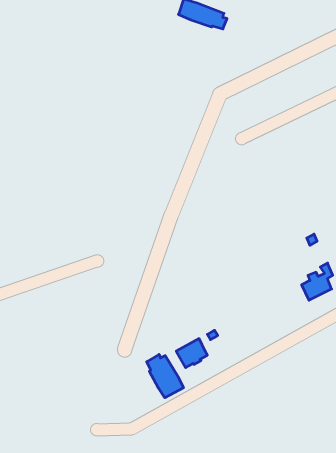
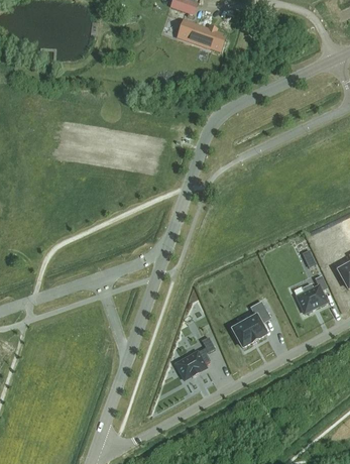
building: none -> [233,301,270,347]
building: [147,354,183,398] -> none

